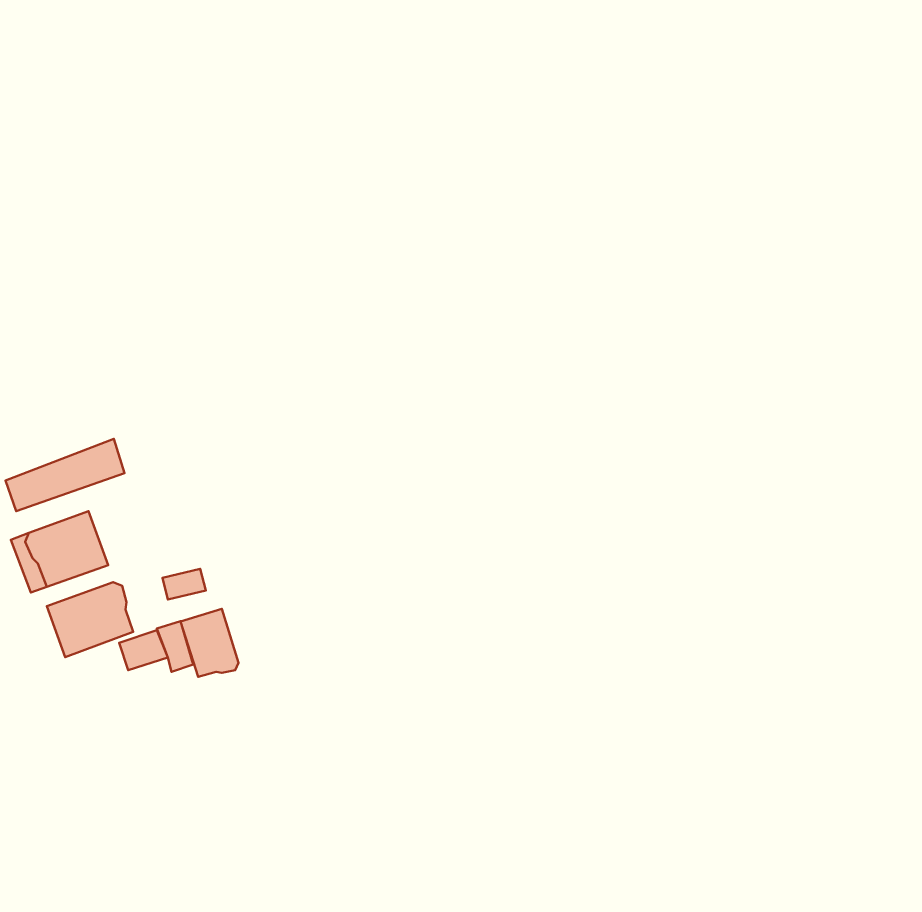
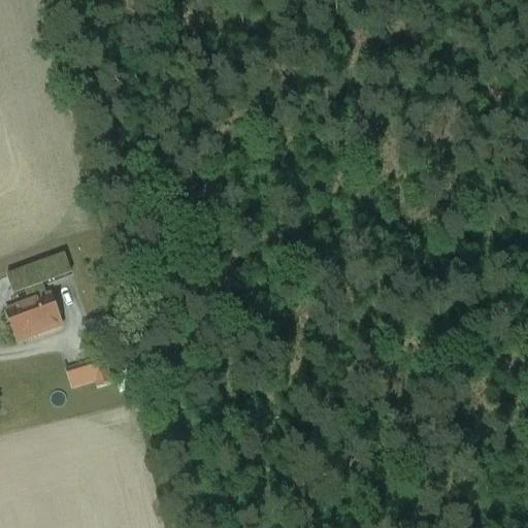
building: [47,582,133,657] -> none
building: [180,609,239,677] -> none

